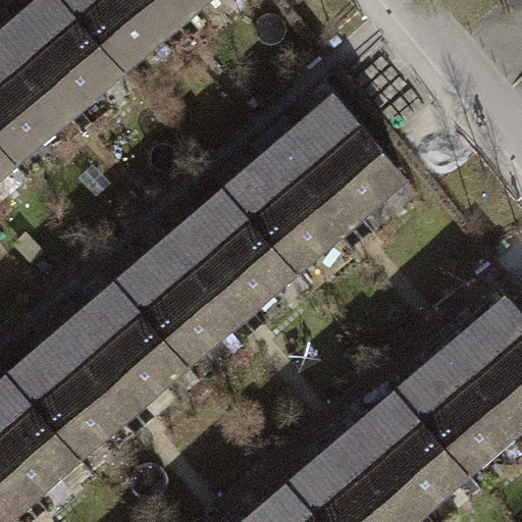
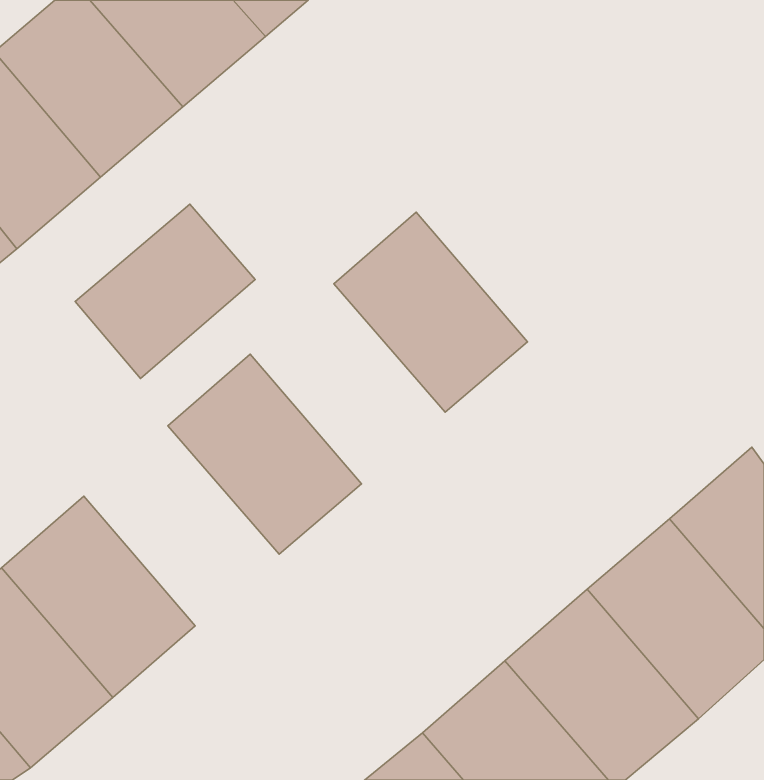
building: [278,95,408,228] -> none
building: none -> [75,204,255,378]
building: [167,190,298,323] -> none
building: [56,284,187,418] -> none

